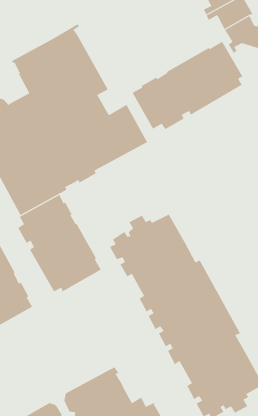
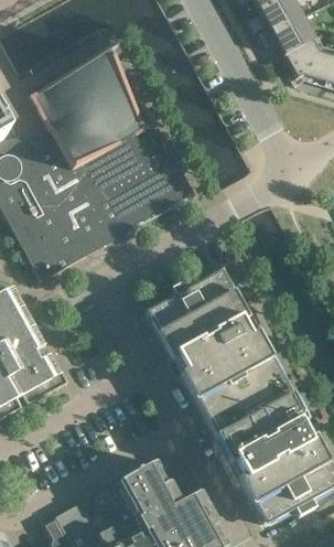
building: [132,41,243,130] -> none
building: [17,194,102,292] -> none

